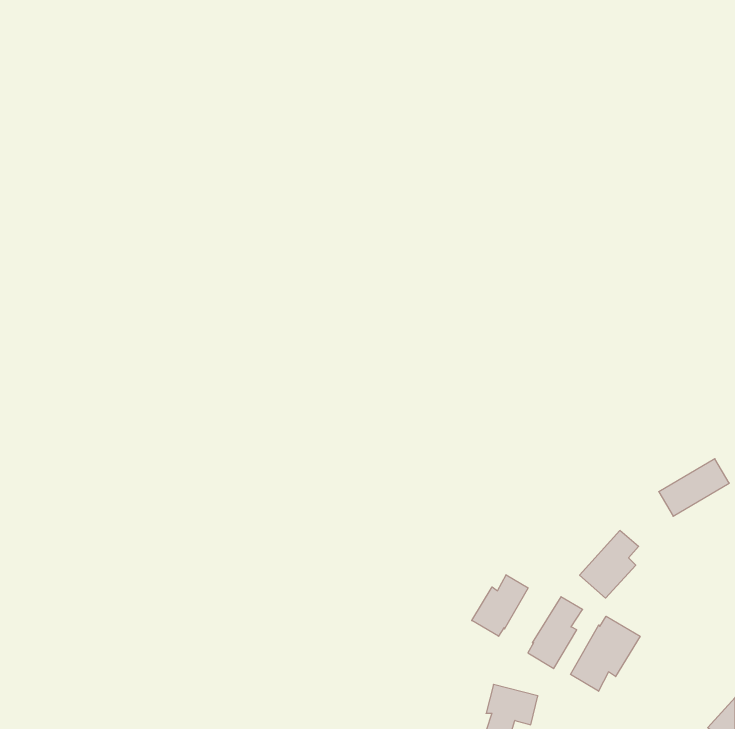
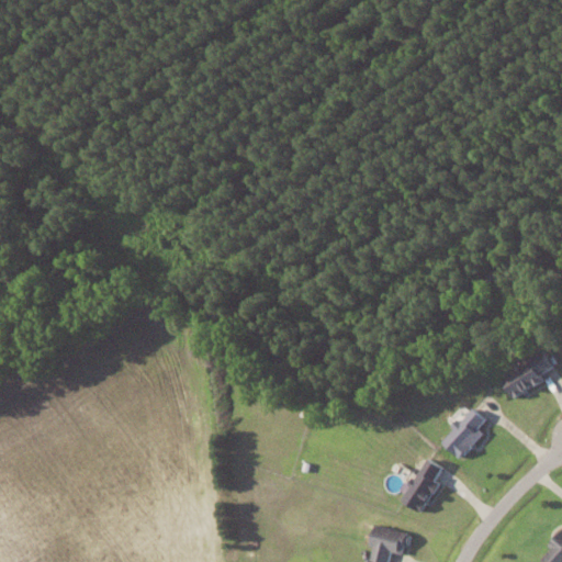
building: [472,575,528,636] -> none
building: [571,616,640,691] -> none

